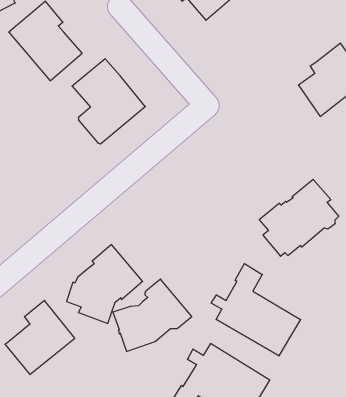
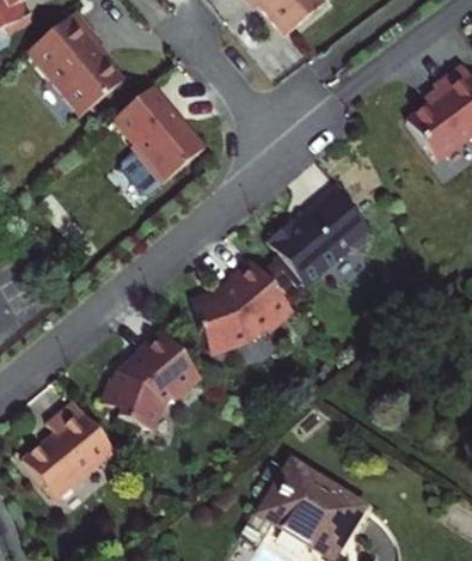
building: [259,179,339,256] -> [268,187,372,287]
building: [211,264,301,356] -> none
building: [113,279,192,351] -> [191,261,294,355]

